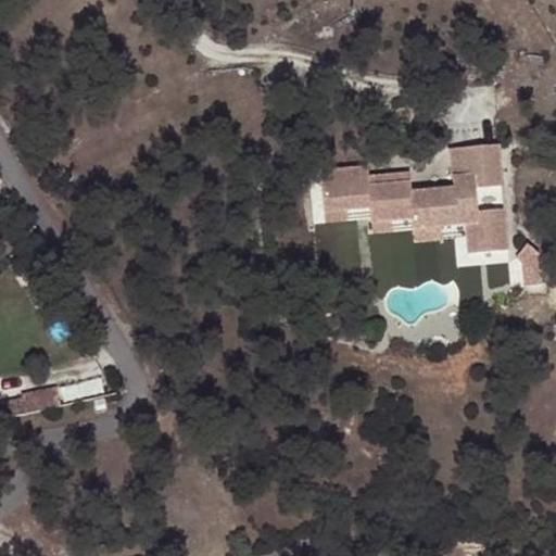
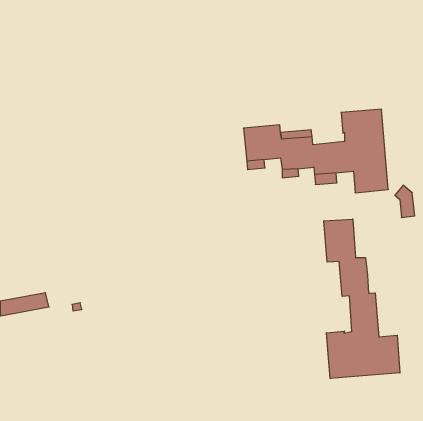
building: none -> [324,219,400,379]

